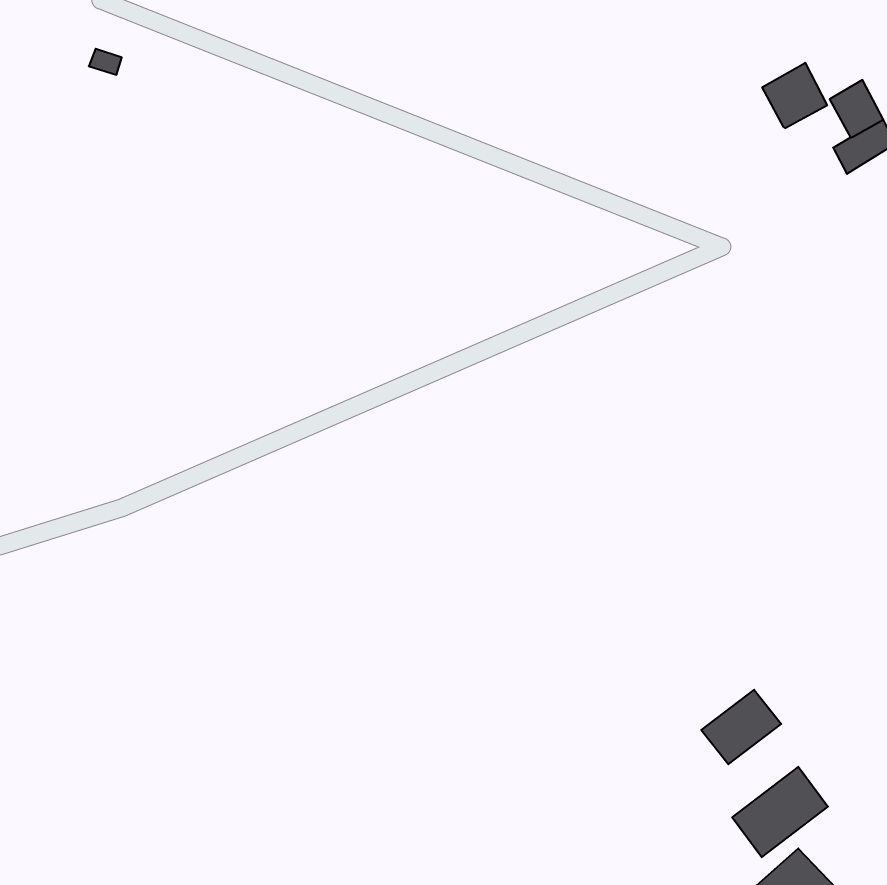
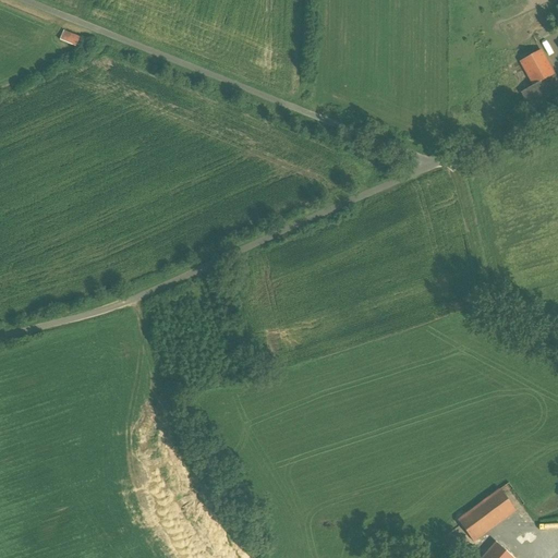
building: [762,63,827,128] -> none
building: [701,690,781,764] -> none

